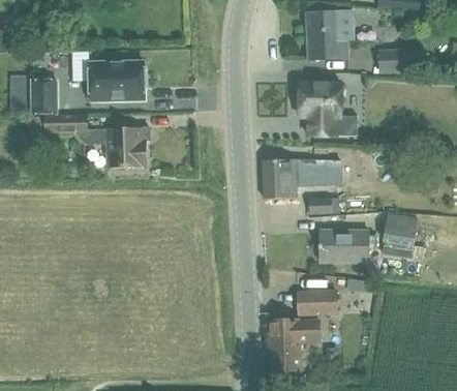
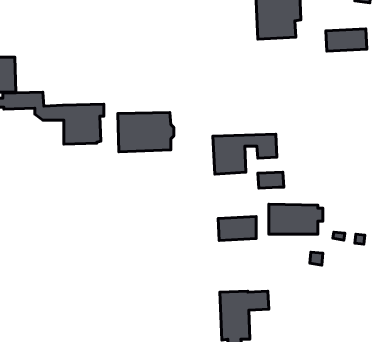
building: [89,60,147,100] -> [118,113,174,152]
building: [299,82,356,136] -> none
building: [382,211,424,259] -> none
building: [297,290,336,314] -> [218,216,256,241]

